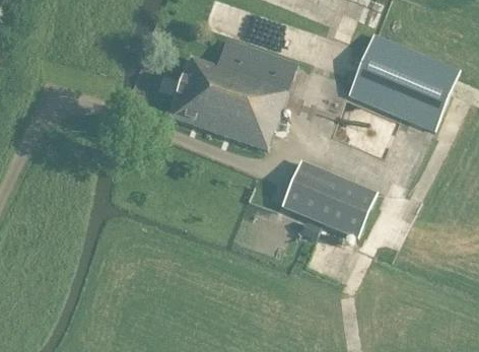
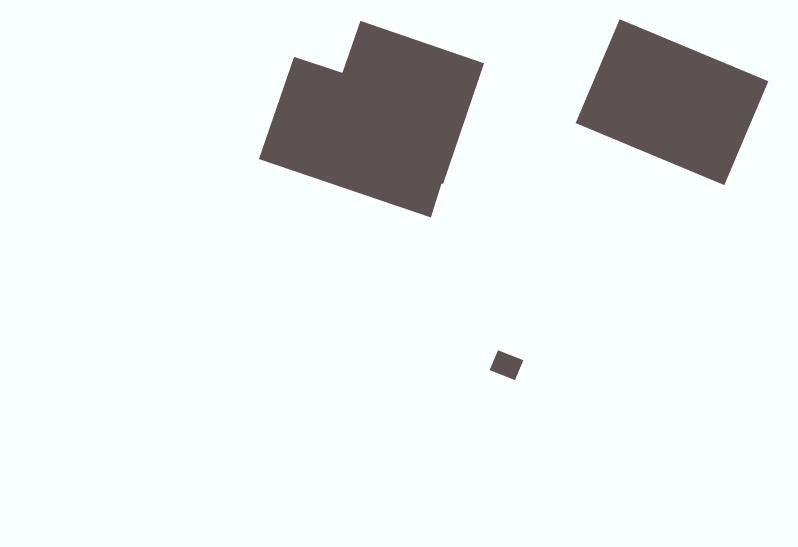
building: [280,162,374,239] -> none

